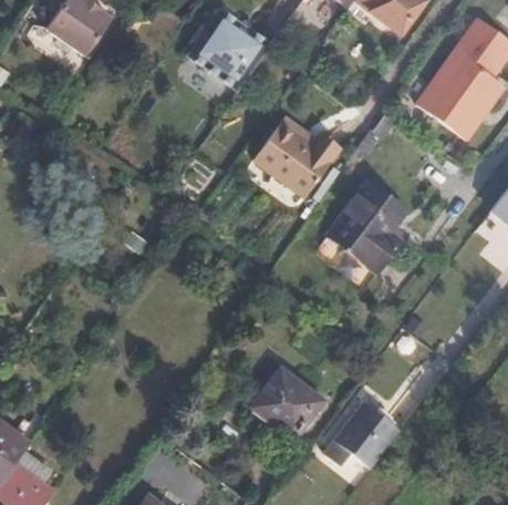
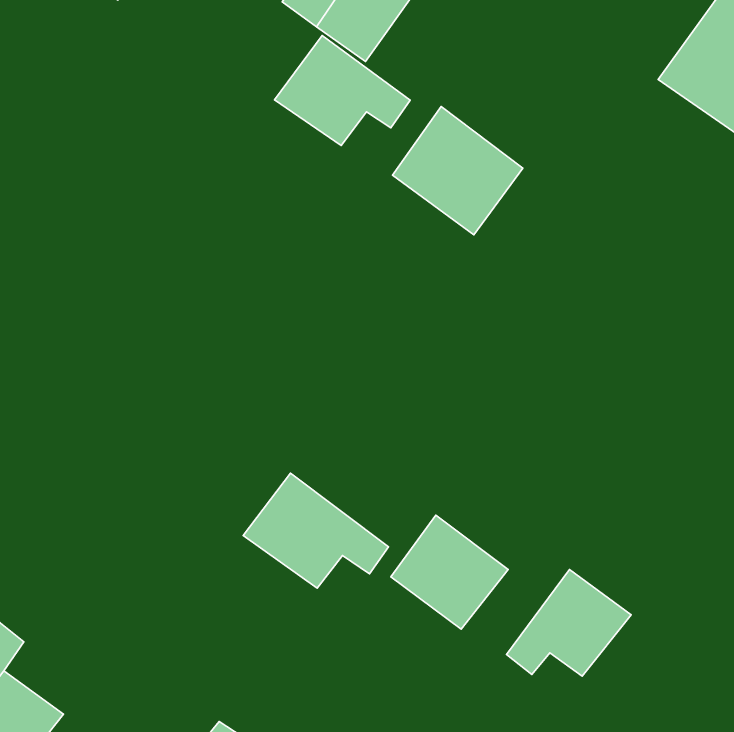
building: none -> [275,36,410,146]
building: [332,184,407,270] -> none
building: none -> [243,473,389,588]

